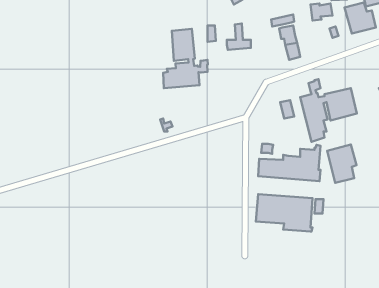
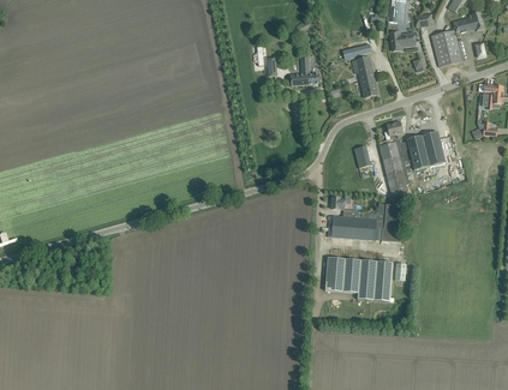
building: [163,29,208,88] -> none
building: [327,144,357,183] -> none

